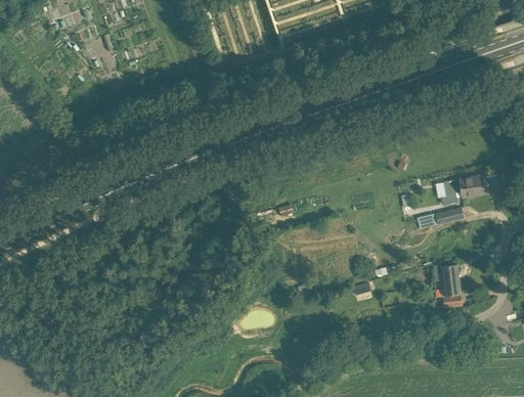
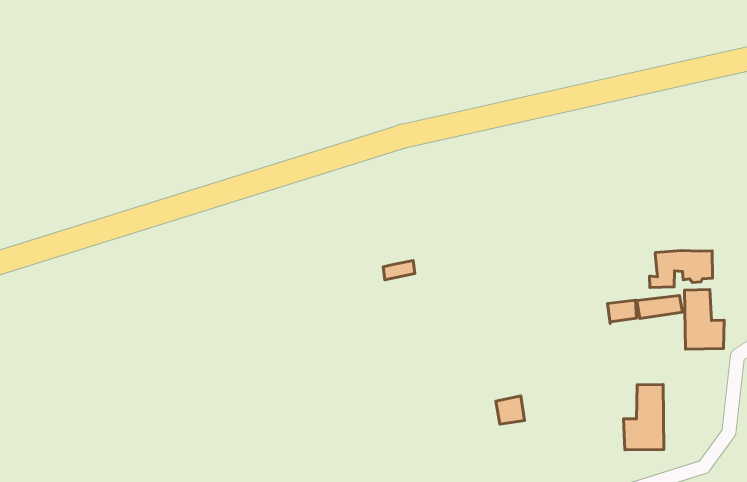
building: none -> [684,290,724,349]

